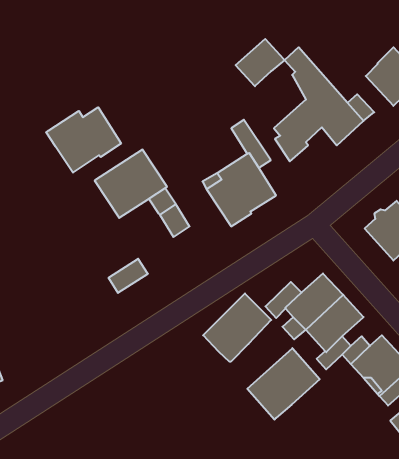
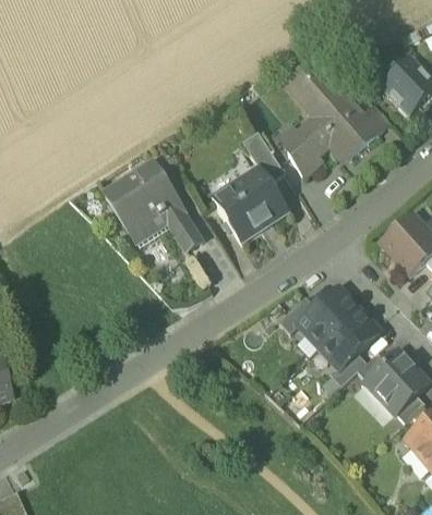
building: [236,39,285,86] -> none
building: [46,107,121,173] -> none
building: [108,259,148,293] -> [130,211,170,246]
building: [203,293,271,362] -> none
building: [247,348,320,420] -> none

